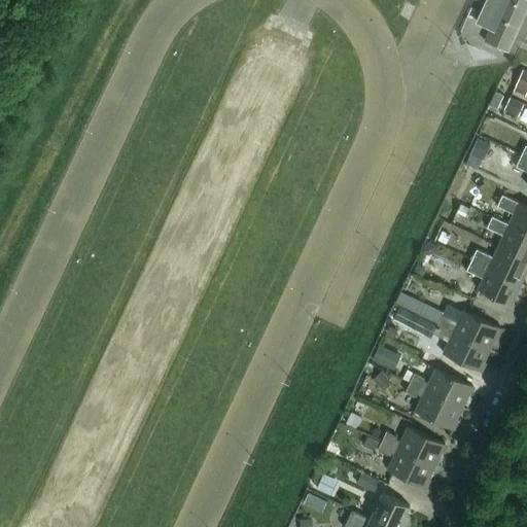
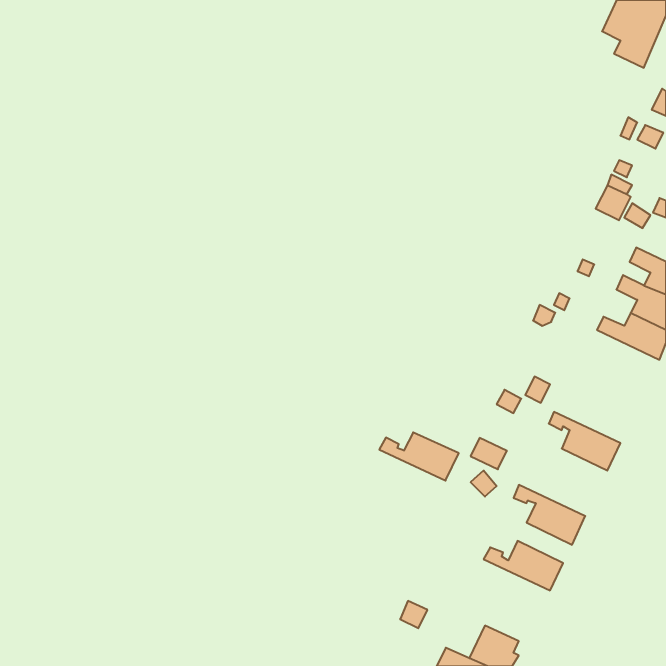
building: [466,260,521,306] -> none
building: [437,311,500,350] -> none
building: [410,370,472,408] -> [379,432,459,481]
building: [378,442,434,488] -> none

